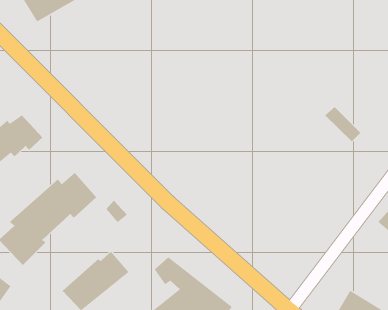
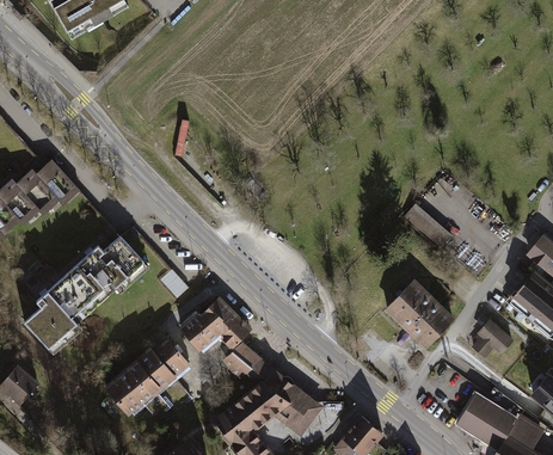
building: [324,106,361,142] -> [406,203,454,250]
building: none -> [383,277,454,349]
building: none -> [178,296,251,352]
building: none -> [474,320,514,358]

